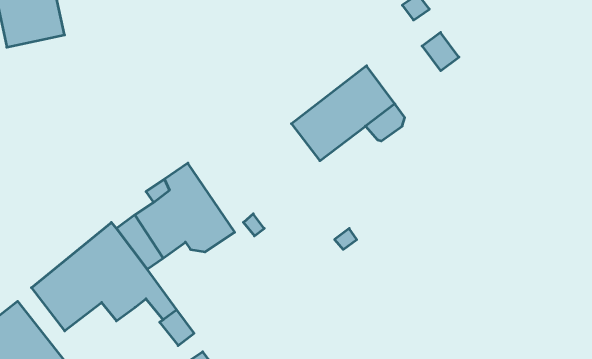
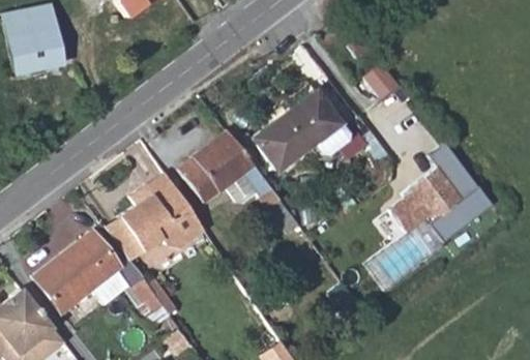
building: none -> [180,129,298,232]
building: none -> [388,141,493,242]

